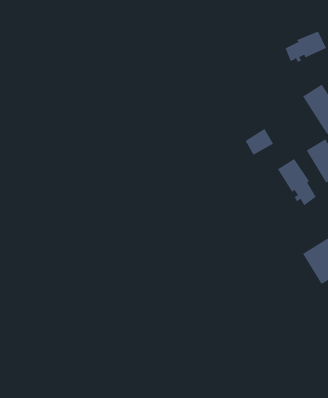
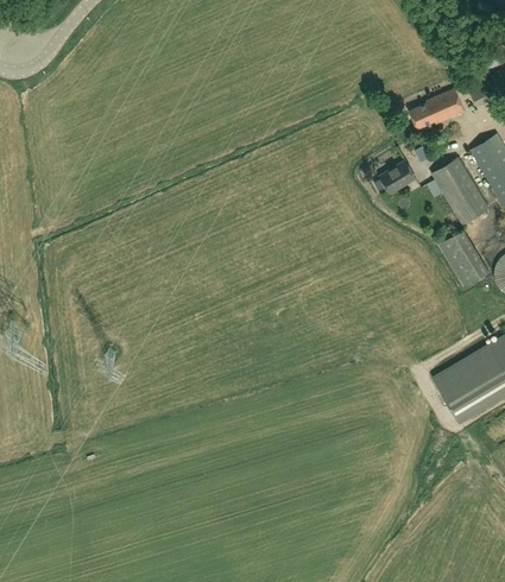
building: [245,128,274,156] -> [379,159,417,195]
building: [277,158,317,206] -> none

